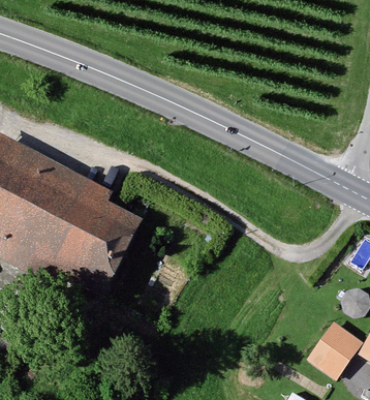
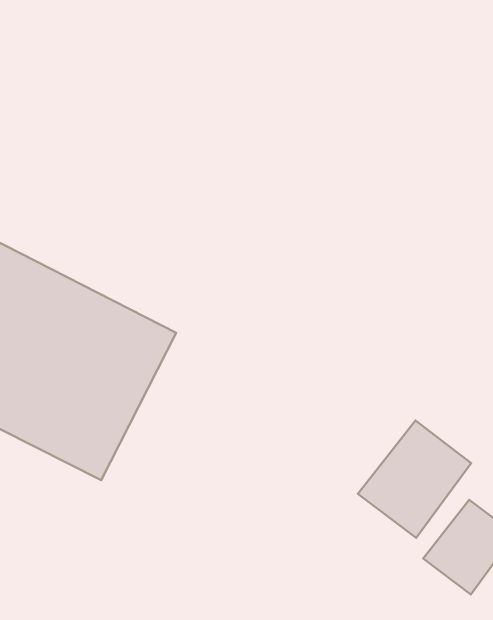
building: none -> [358,421,471,538]

